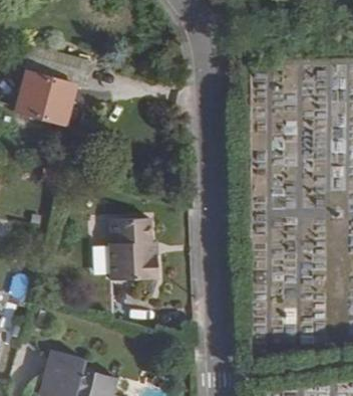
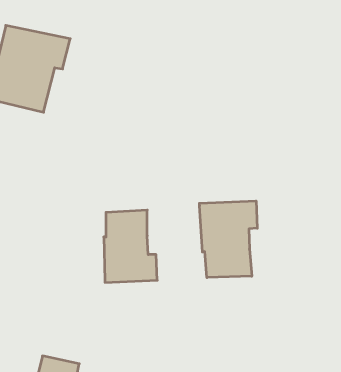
building: none -> [199,201,257,278]

